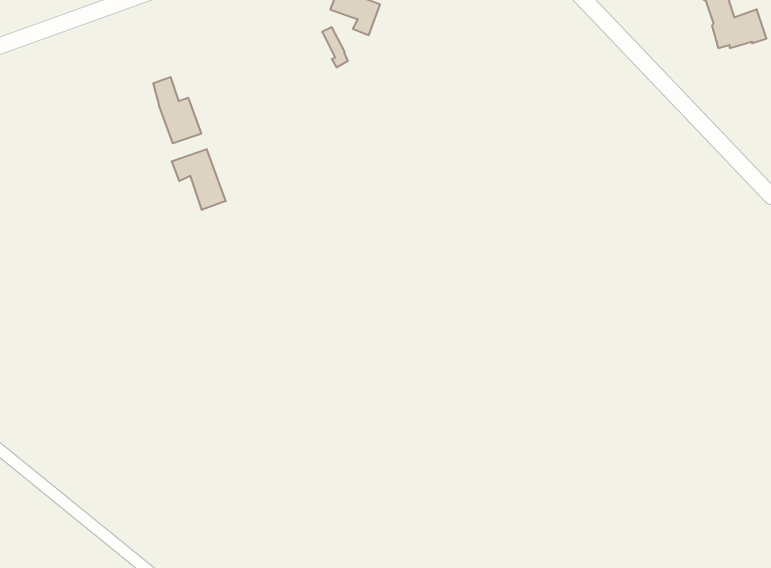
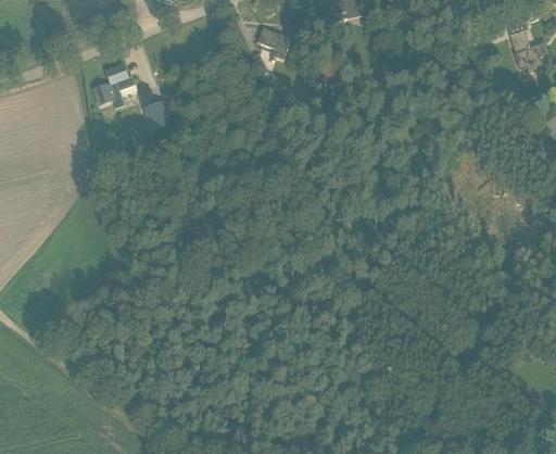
building: none -> [92,63,136,105]
building: [172,149,226,210] -> none

